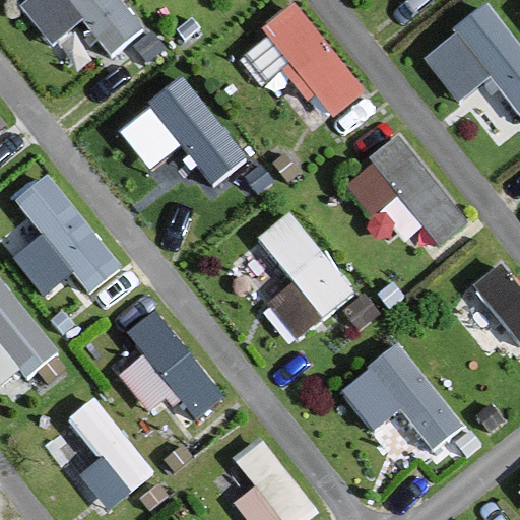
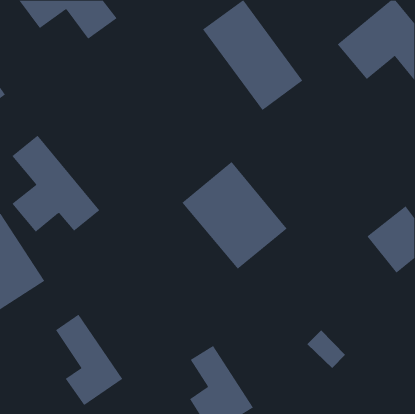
building: [117,76,248,184] -> none
building: [344,135,471,264] -> none
building: [117,311,228,443] -> none
building: [340,342,466,449] -> none

